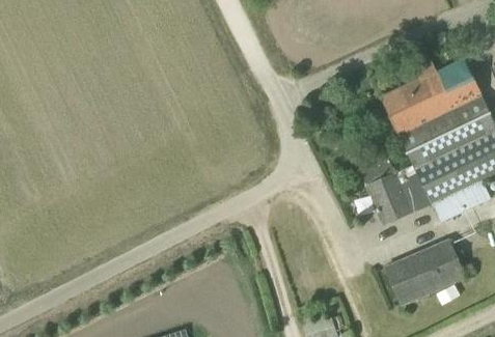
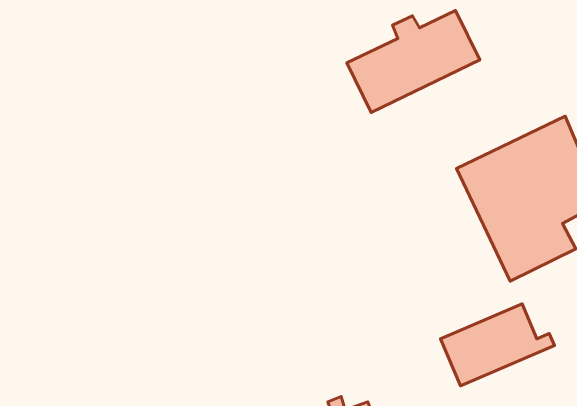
building: [380,57,483,136] -> [347,10,480,112]
building: [361,160,412,223] -> none

